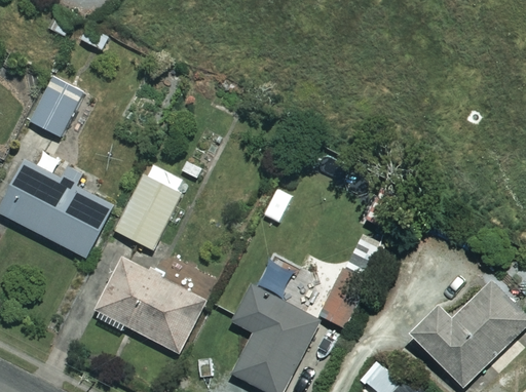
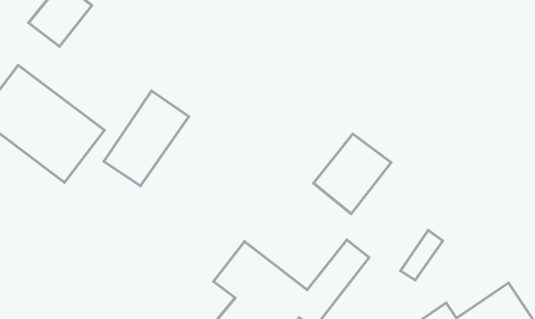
building: none -> [314,134,391,214]
building: [98,256,204,352] -> none

